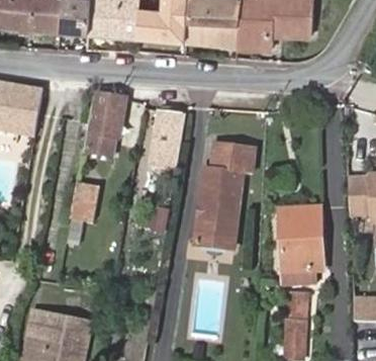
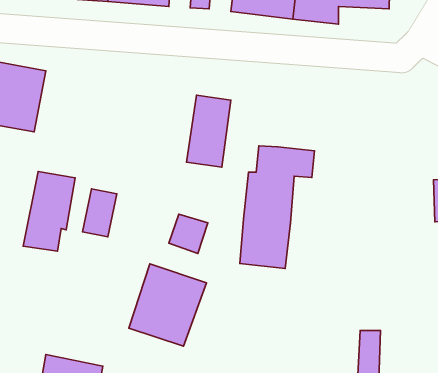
building: [85,94,126,158] -> [23,171,75,251]
building: [280,207,325,275] -> none
building: none -> [129,264,207,346]

